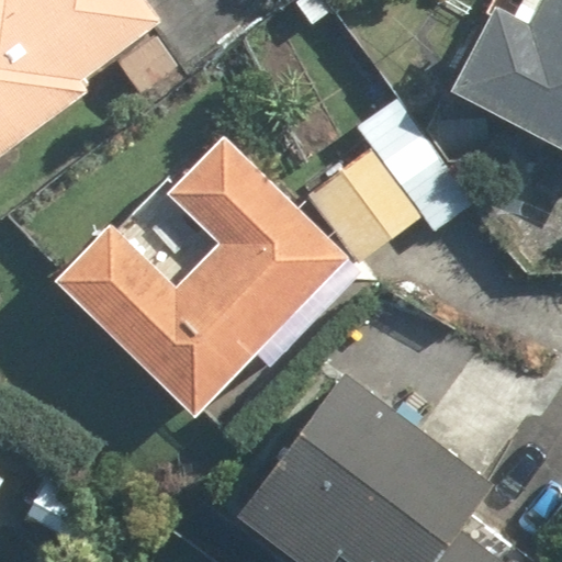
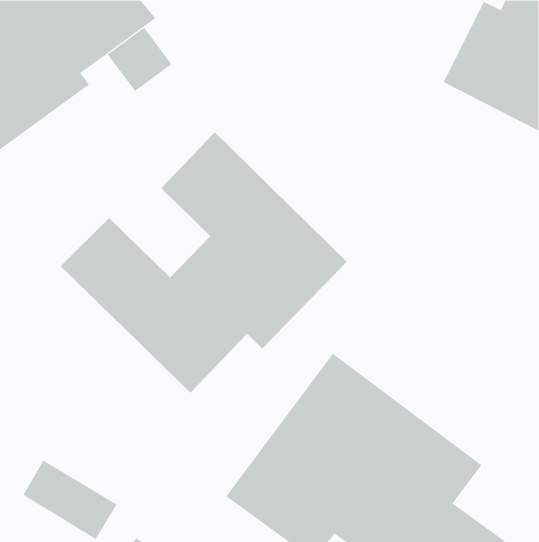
building: [304,97,474,263] -> none

